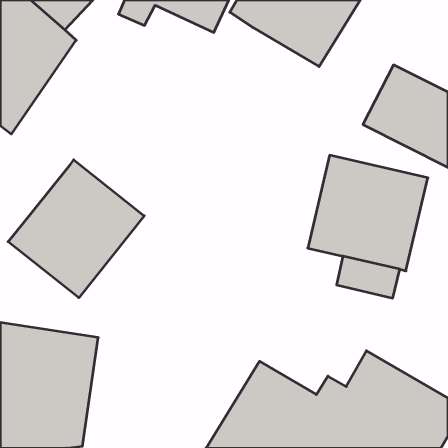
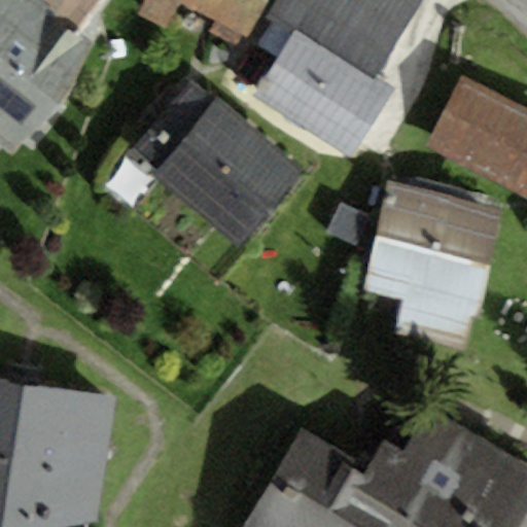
building: none -> [256,32,394,157]
building: none -> [133,84,306,249]
building: [8,160,144,298] -> none

